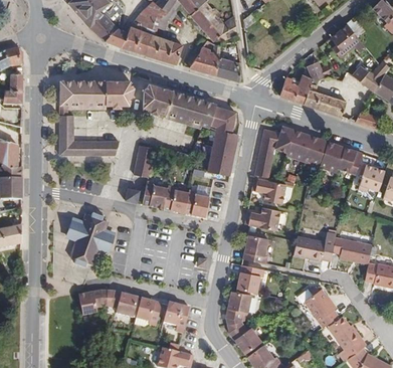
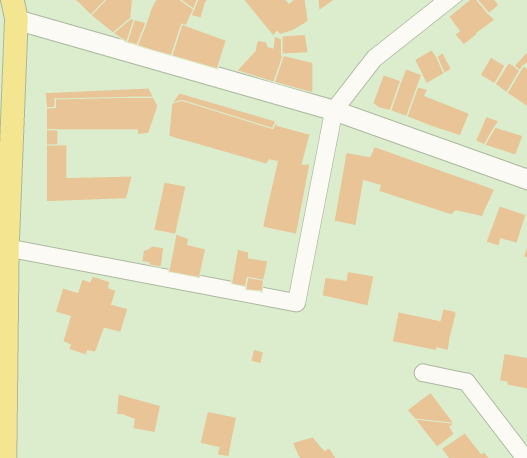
building: [252,175,286,200] -> none
building: [164,188,189,214] -> none
building: [242,234,270,261] -> none
building: [333,235,373,261] -> none
building: [236,264,266,291] -> none
building: [79,289,109,313] -> none
building: [225,295,249,322] -> none
building: [137,297,162,326] -> none

